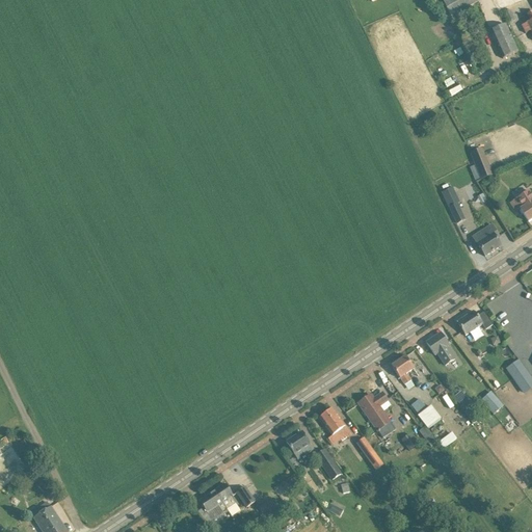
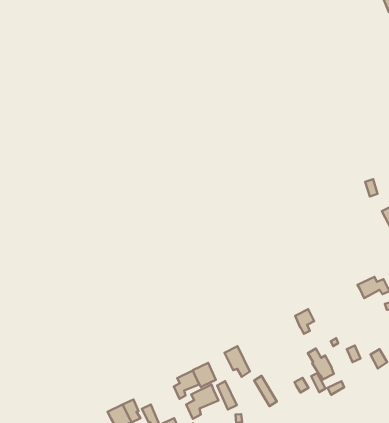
building: [427,330,457,365] -> none
building: [358,391,395,435] -> none
building: none -> [174,371,199,399]
building: none -> [186,385,219,419]

